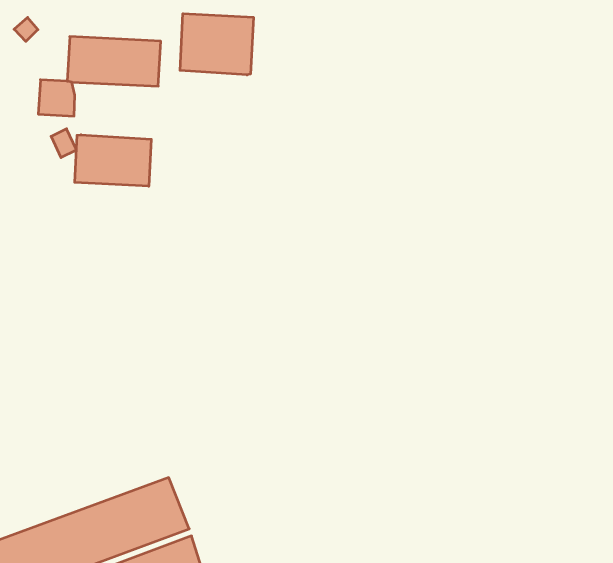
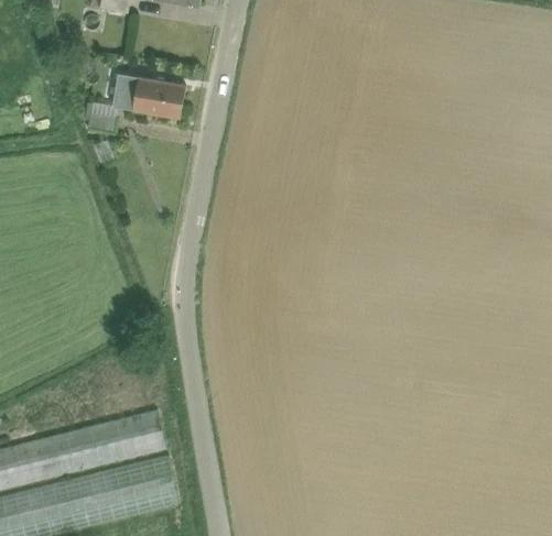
building: [180,14,253,75] -> none
building: [75,135,151,186] -> none

